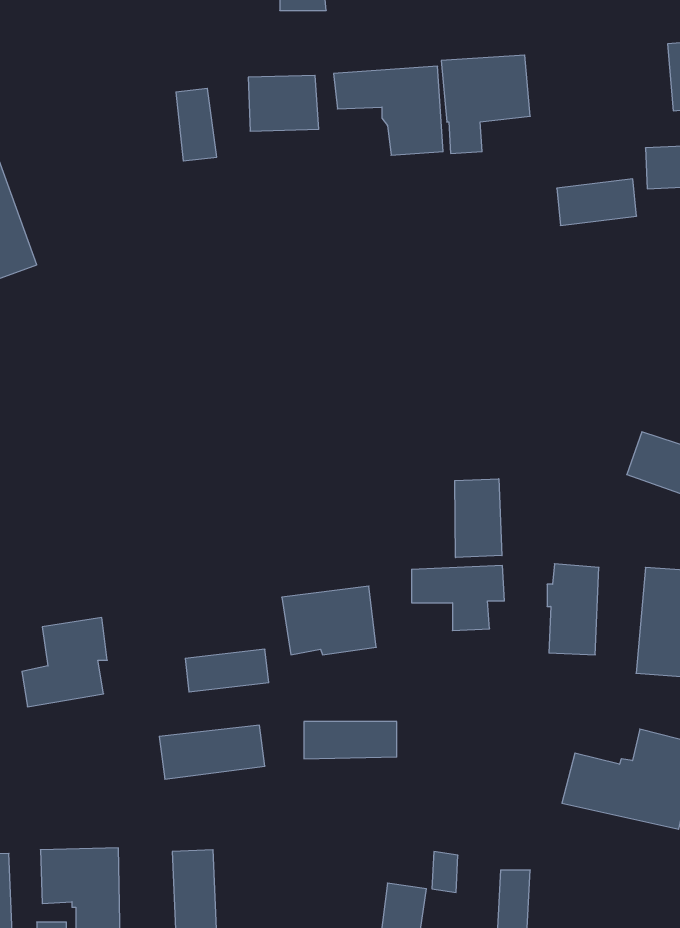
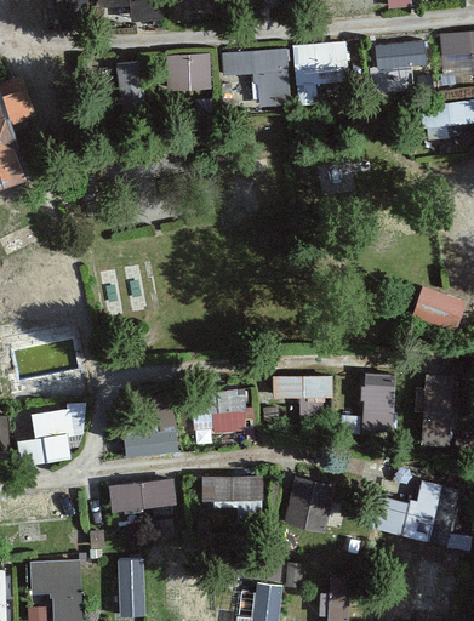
building: [557,179,637,225] -> [375,40,427,70]
building: [455,479,502,558] -> none
building: none -> [285,477,335,534]

